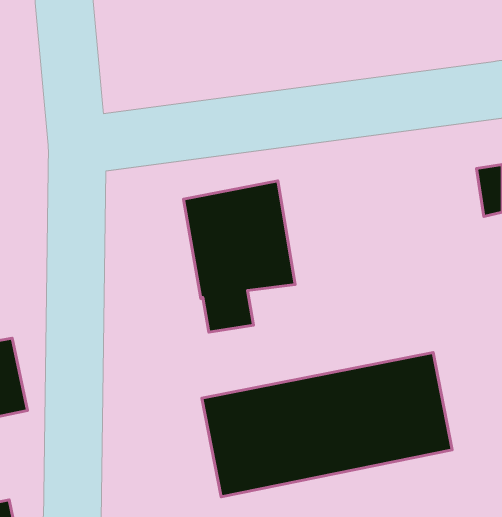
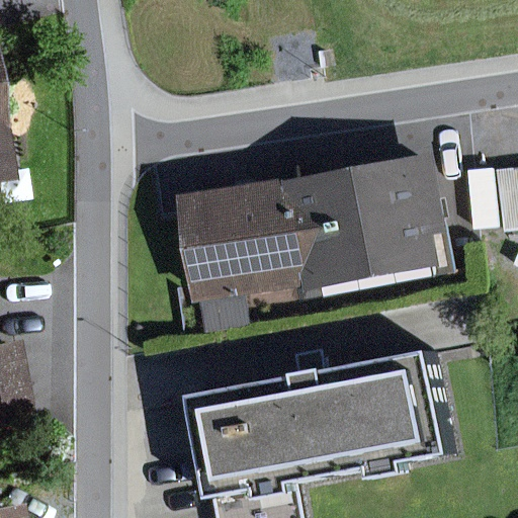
building: none -> [277,155,451,285]

